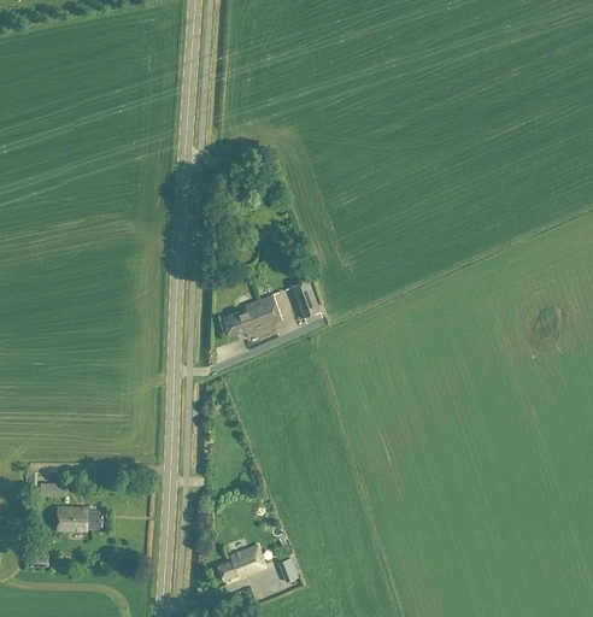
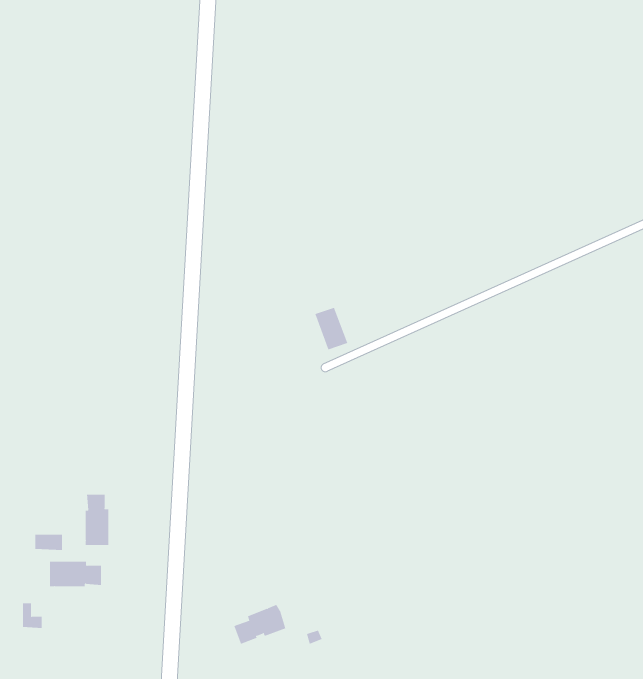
building: [223,294,282,335] -> none
building: none -> [85,494,109,546]

